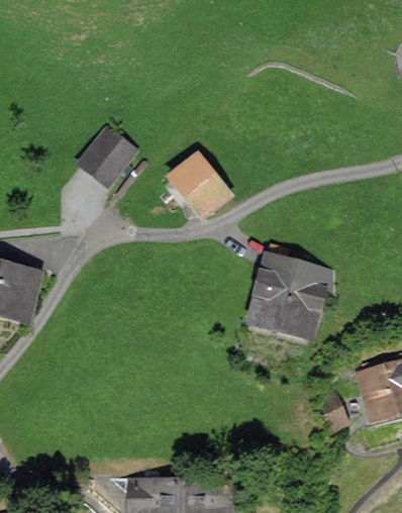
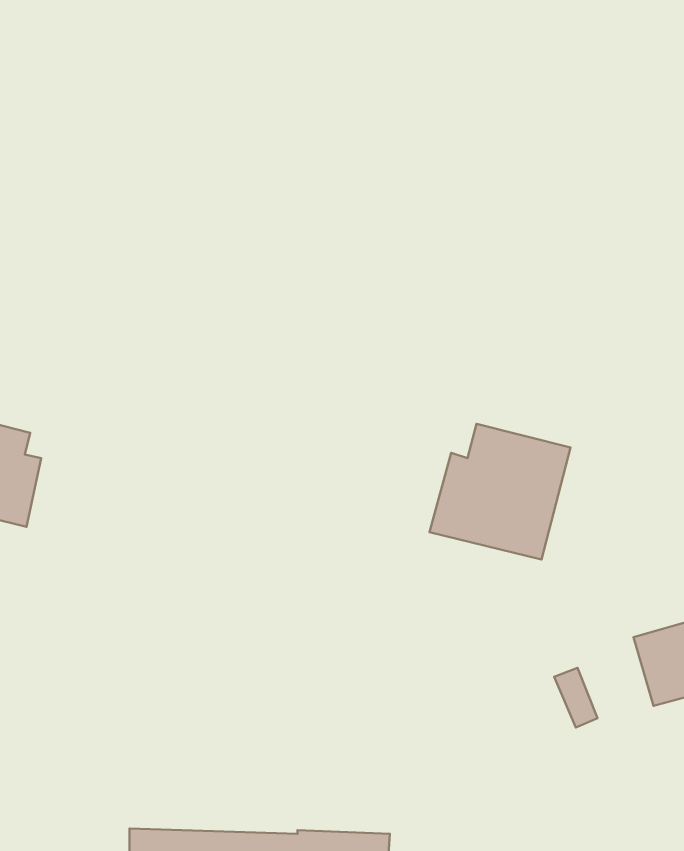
building: [84,134,131,182] -> none
building: [174,160,226,216] -> none

